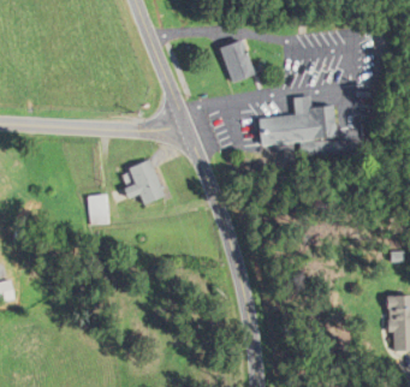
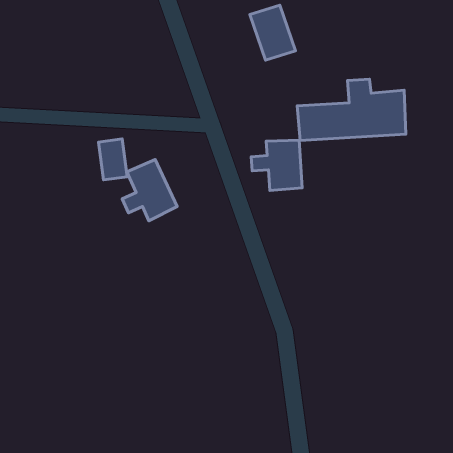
building: none -> [251,140,302,190]
building: [89,194,111,225] -> [99,139,127,180]

